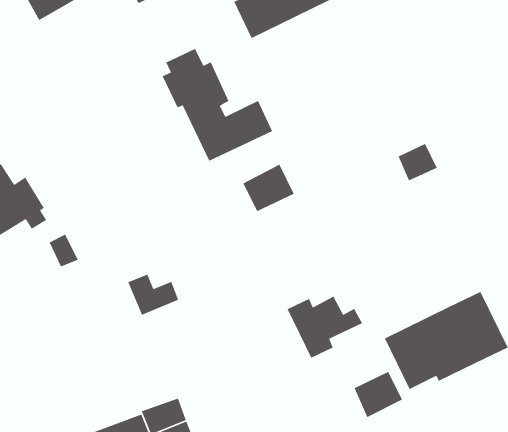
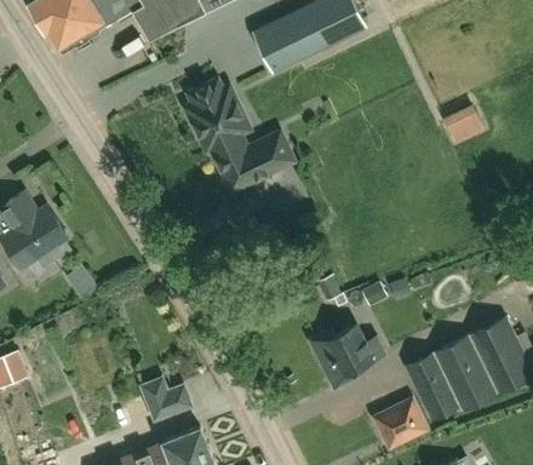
building: [398,143,438,182] -> [445,105,485,144]
building: [242,163,295,212] -> none
building: [127,273,179,316] -> [142,378,194,420]

